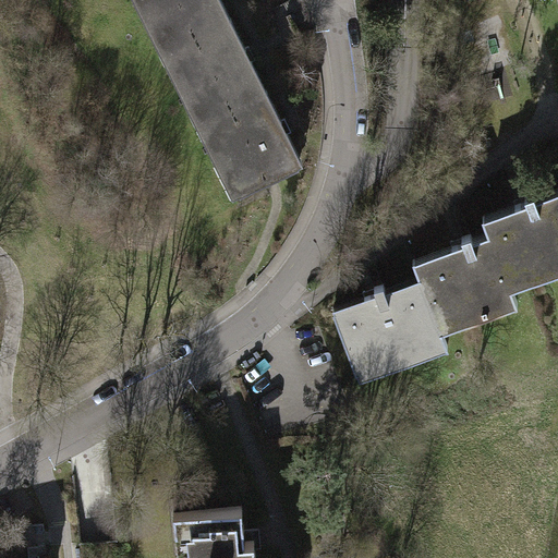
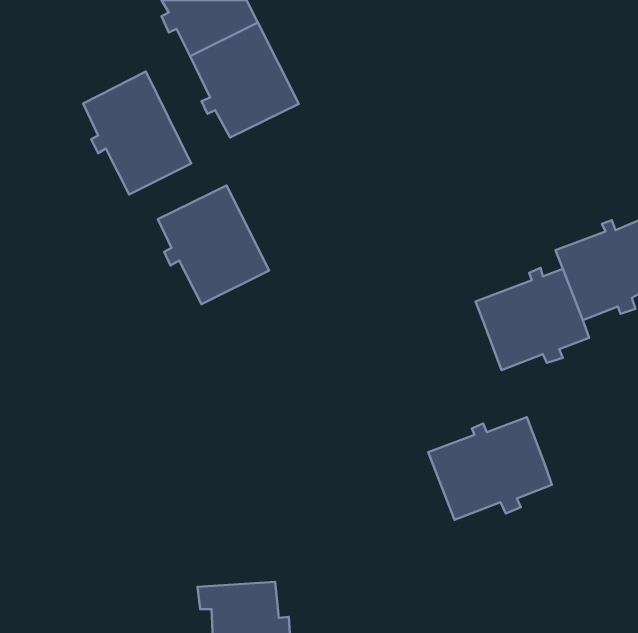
building: none -> [83,72,191,194]
building: [202,96,299,199] -> [158,185,269,304]
building: [336,284,444,374] -> [428,417,552,520]

